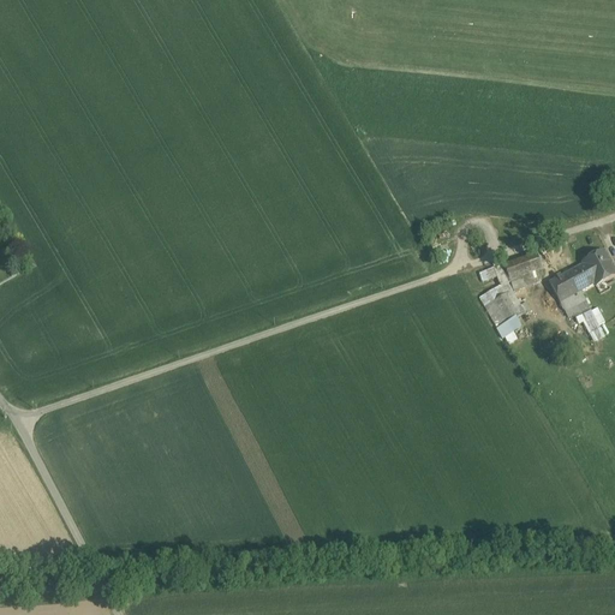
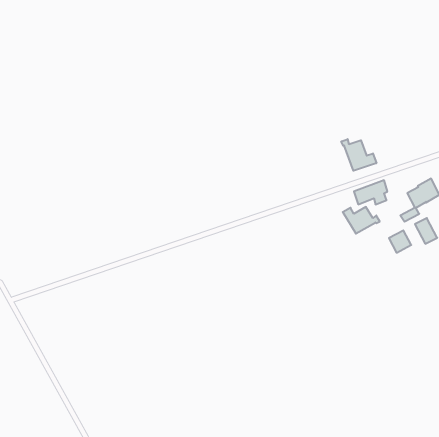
building: none -> [341,139,376,171]
building: [549,270,580,301] -> [389,230,411,253]

